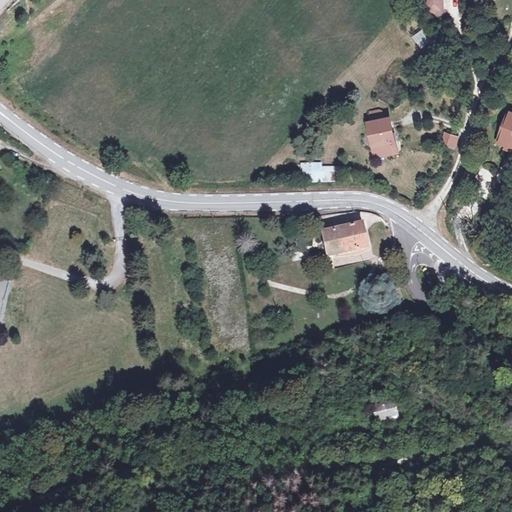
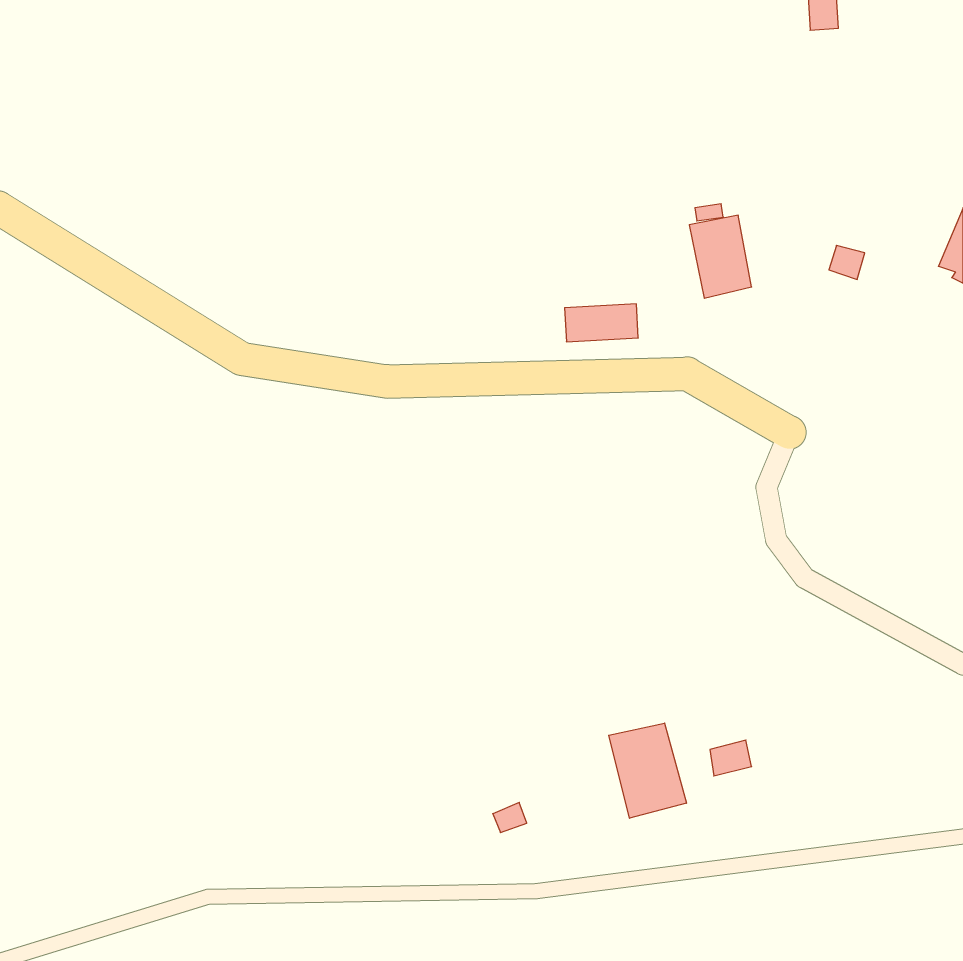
building: [321,222,365,254] -> none
building: none -> [609,723,686,818]

